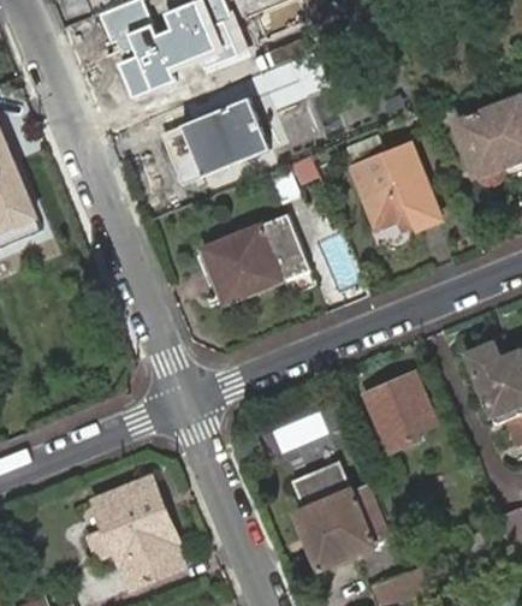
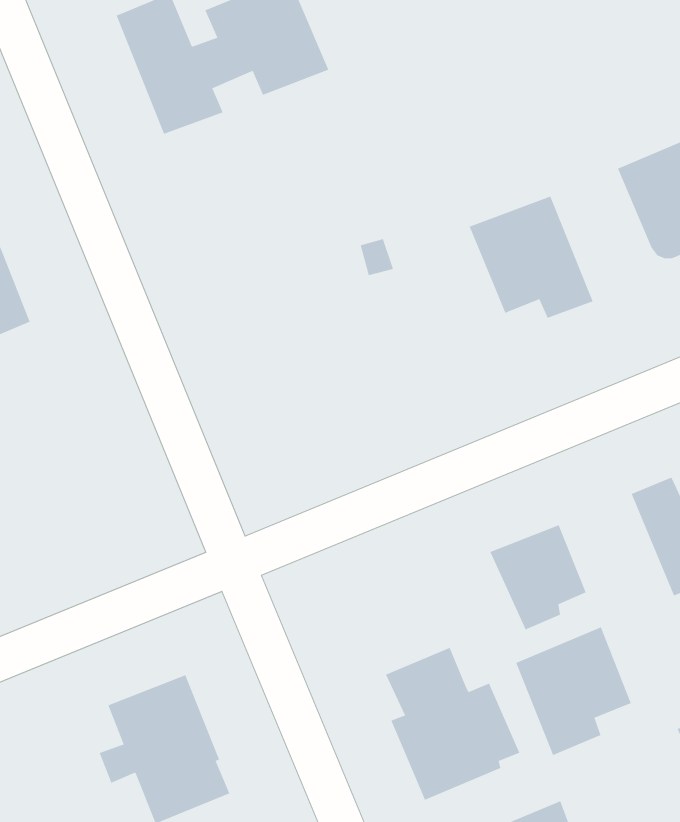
building: [165,99,271,184] -> none
building: [201,212,312,305] -> none
building: none -> [516,626,631,756]

